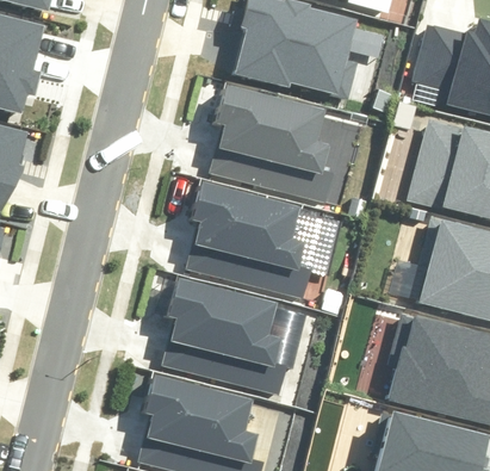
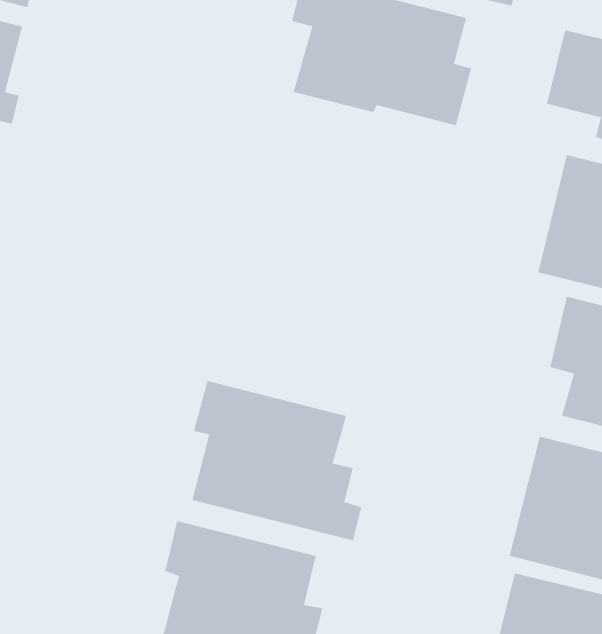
building: [211,82,359,206] -> none
building: [187,182,308,295] -> none

